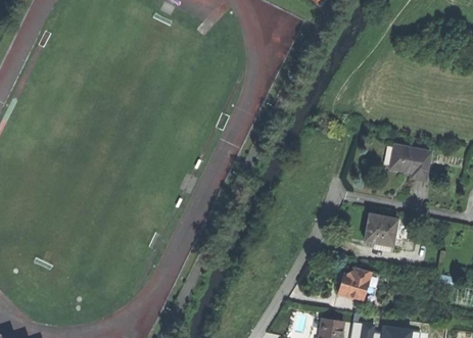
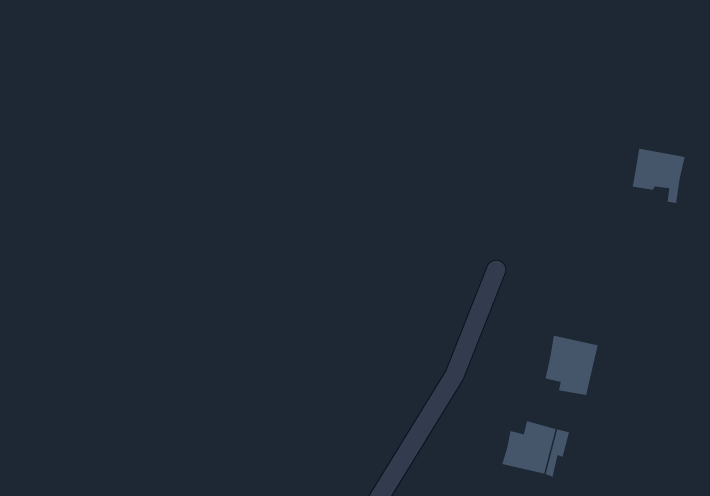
building: [396,146,429,180] -> [632,148,685,204]

